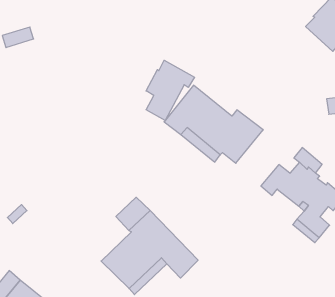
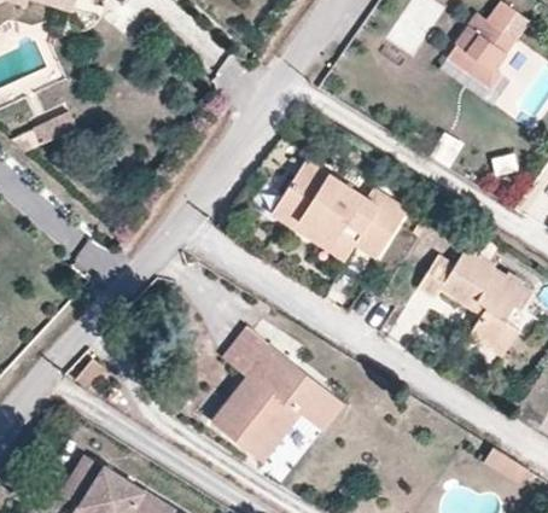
building: [146,60,195,120] -> none

